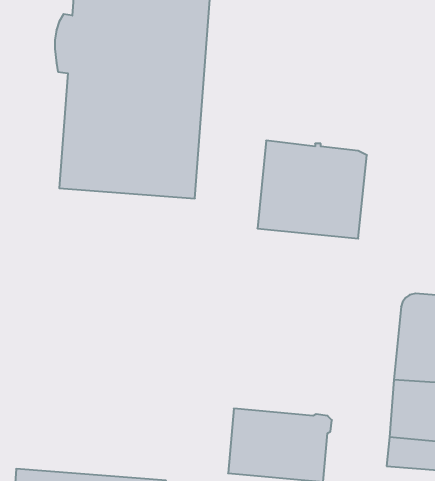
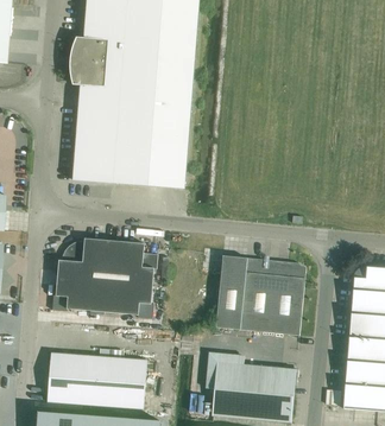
building: [257,141,367,239] -> [216,254,307,335]
building: none -> [52,235,158,318]
building: none -> [48,350,147,408]

